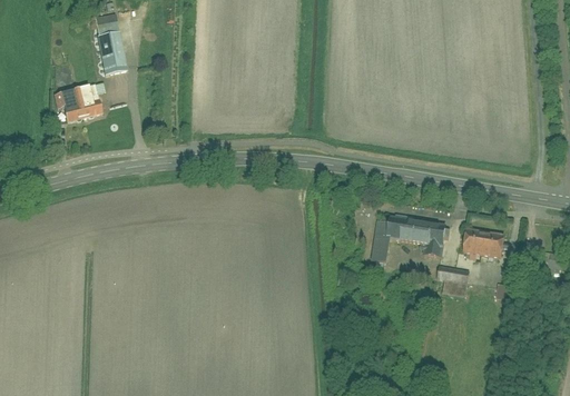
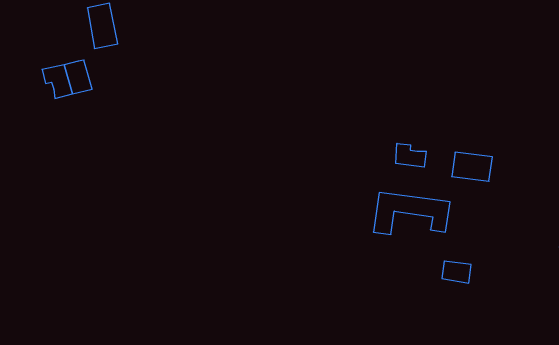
building: none -> [396,143,426,167]
building: [460,232,499,260] -> [452,152,492,181]

